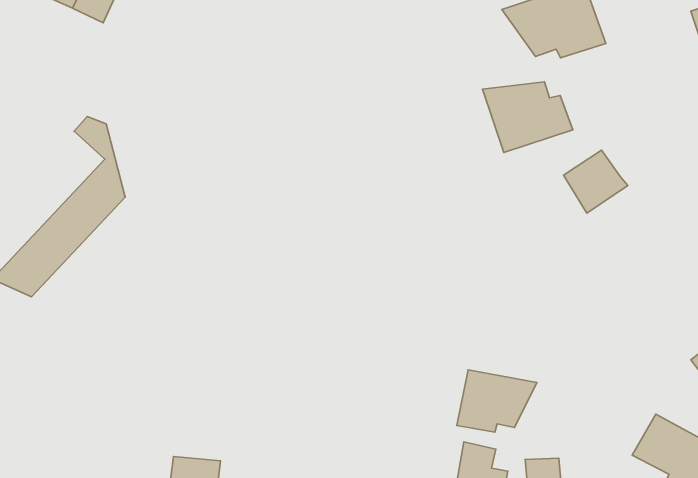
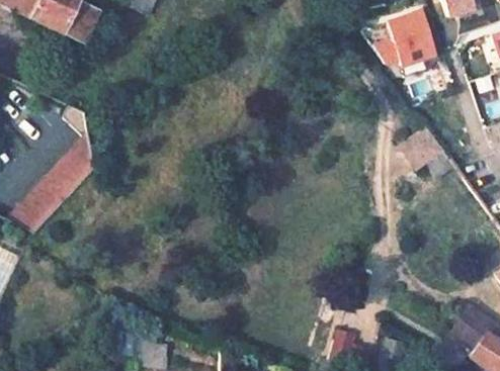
building: [482,82,573,152] -> none
building: [457,370,537,432] -> none

